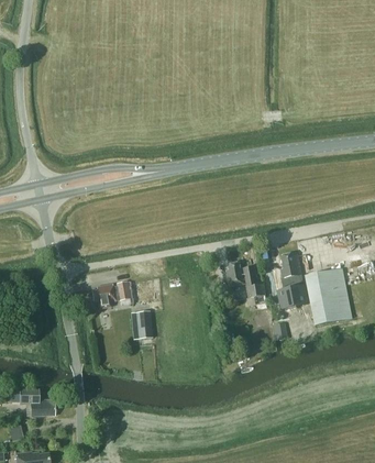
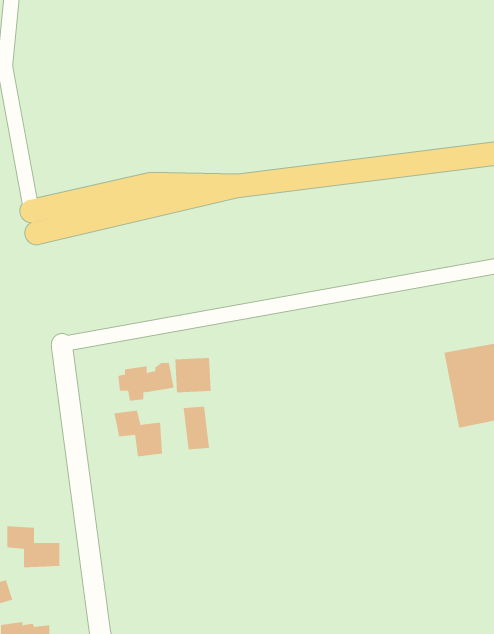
building: [273,252,308,309] -> none
building: [225,263,264,305] -> none
building: none -> [114,410,163,457]

